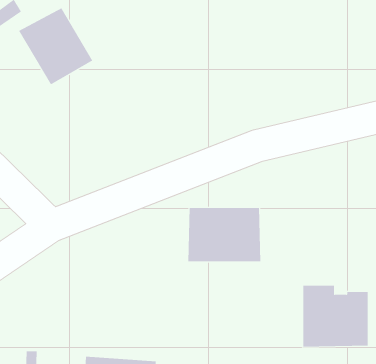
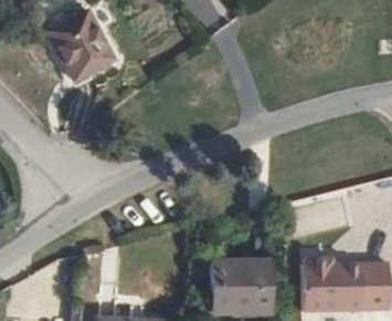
building: [188,208,261,262] -> [205,260,268,307]

